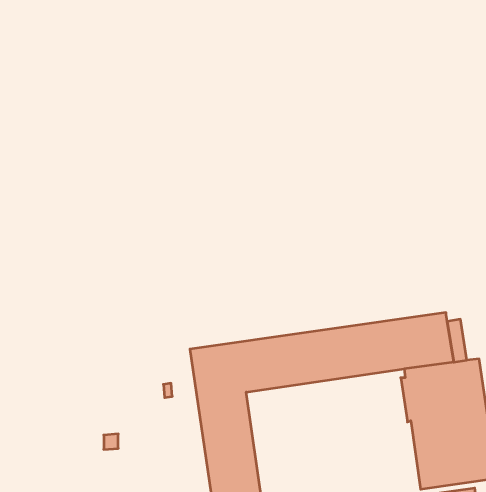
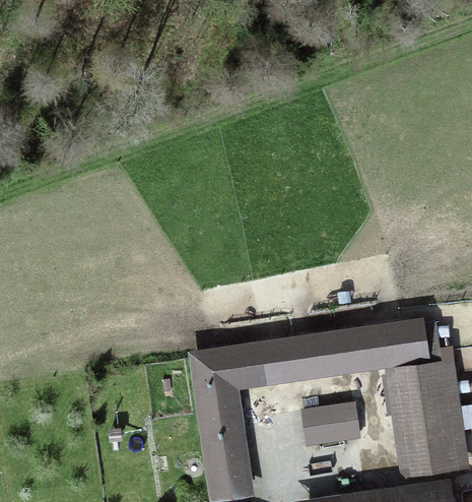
building: none -> [301,403,360,448]

